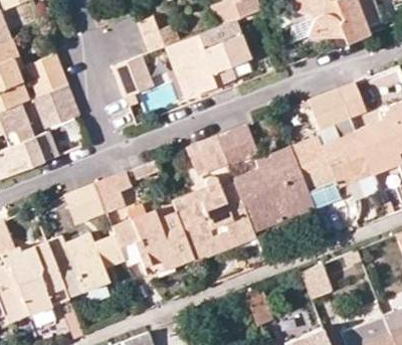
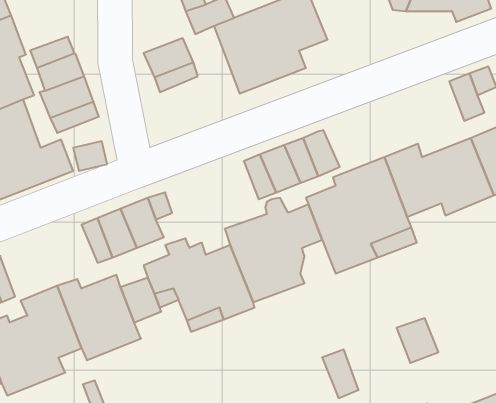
building: [312,89,351,128] -> none
building: [194,206,257,260] -> none

